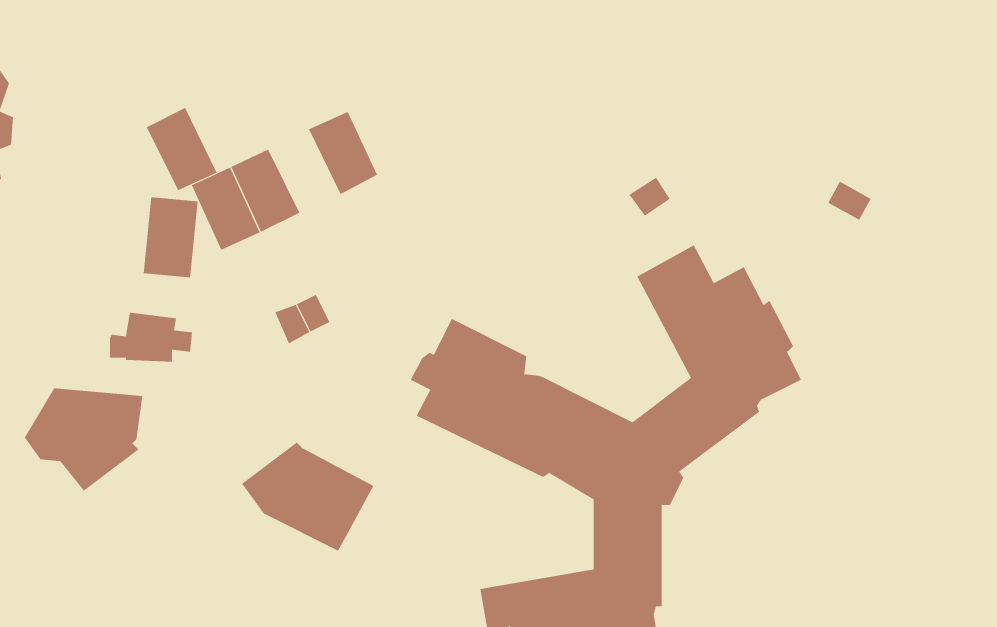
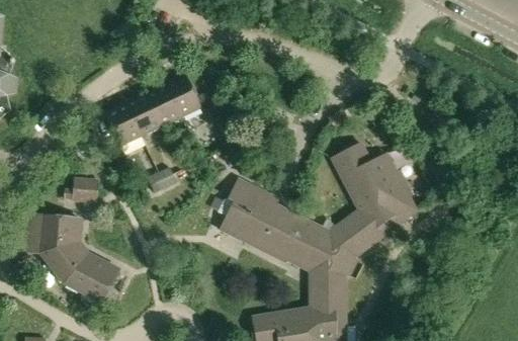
building: [146,107,217,191] -> [145,83,181,125]
building: [143,196,198,278] -> none
building: [241,442,374,551] -> [51,246,118,302]

